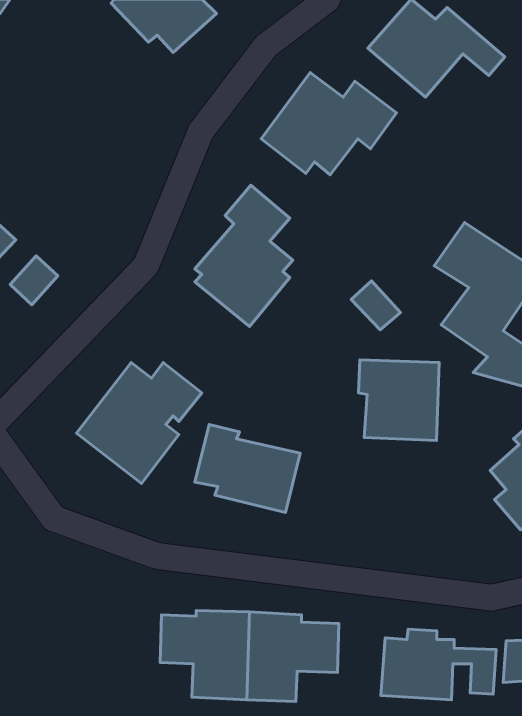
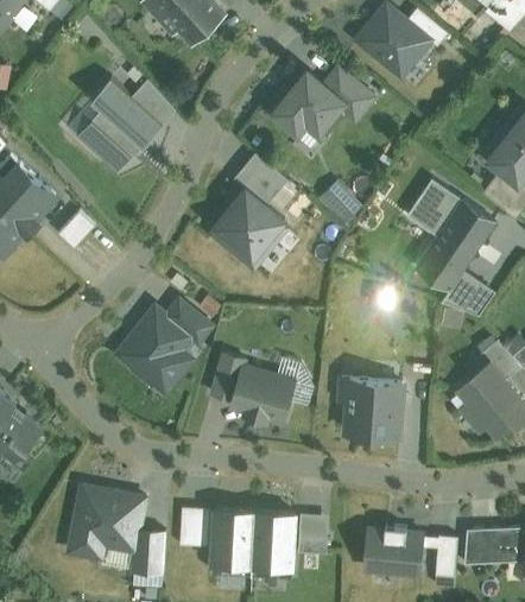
building: none -> [76,75,179,175]
building: [351,281,400,330] -> [320,184,360,224]
building: [359,360,439,441] -> [339,375,405,442]
building: none -> [70,484,167,575]

